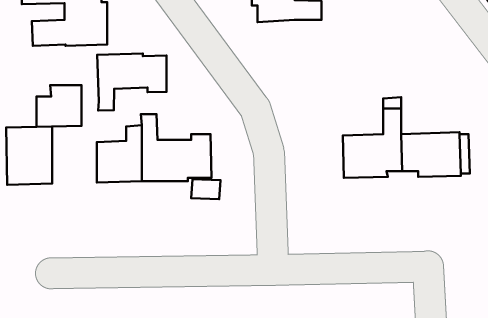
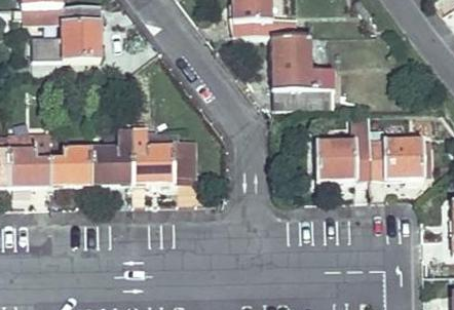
building: none -> [271,35,333,109]
building: [97,53,167,111] -> none
building: [37,85,82,127] -> [49,148,90,186]

